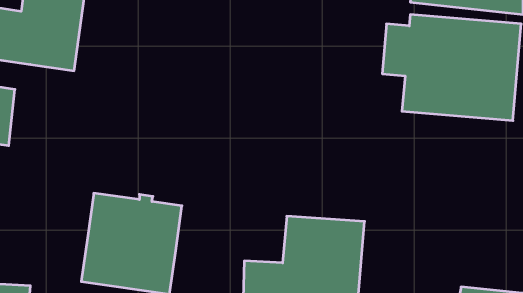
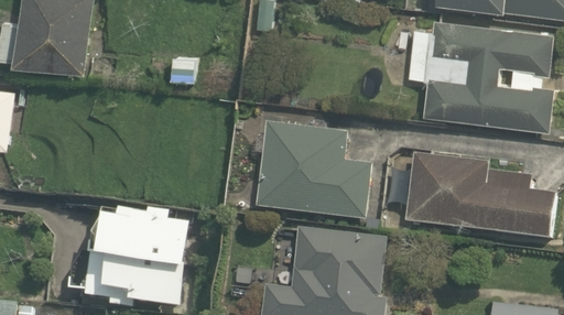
building: none -> [254,127,370,225]
building: none -> [406,154,551,240]

